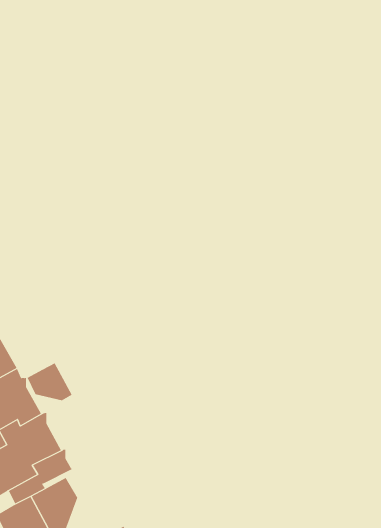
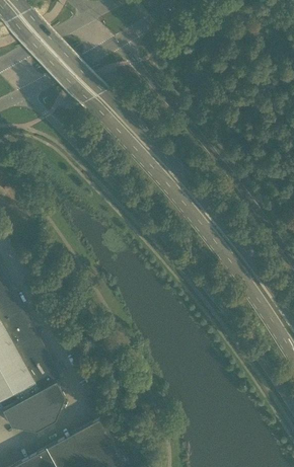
building: [27,363,73,401] -> none

